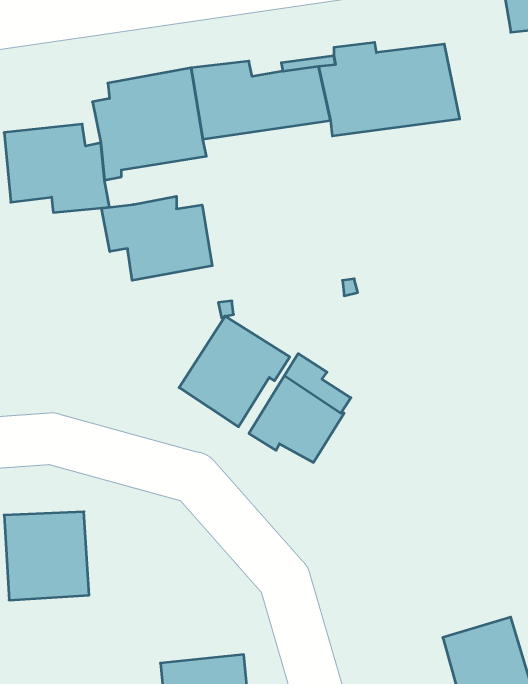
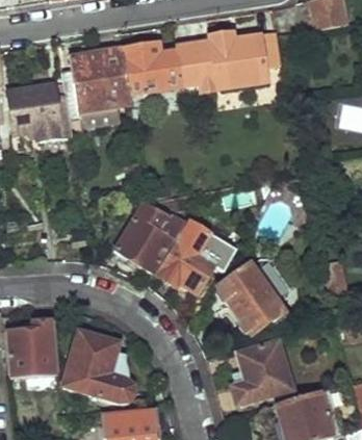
building: [102,196,212,280] -> none
building: none -> [218,258,283,331]
building: none -> [64,329,136,403]
building: none -> [237,340,292,403]

